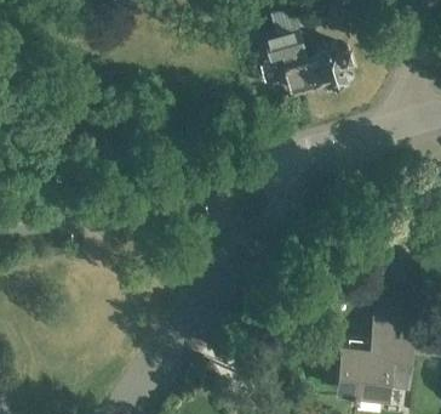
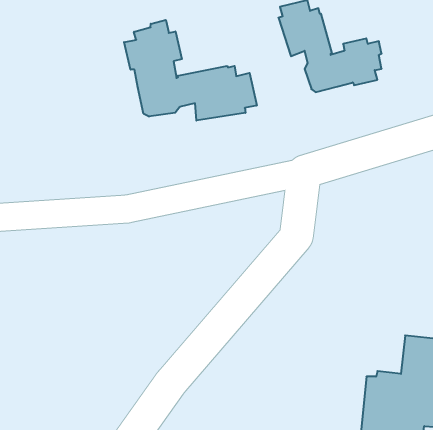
building: none -> [124,20,257,121]

